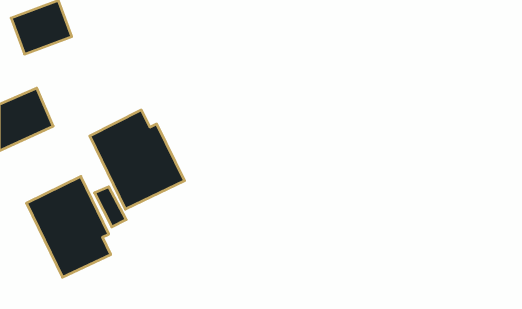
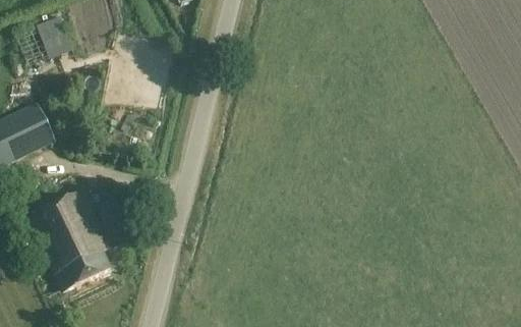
building: [90,110,185,209] -> none

